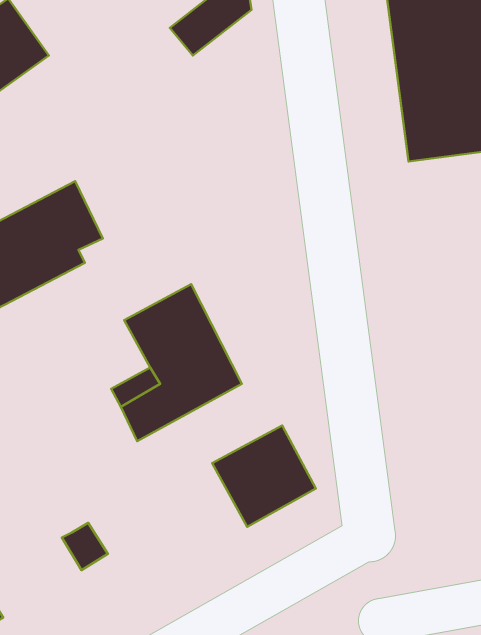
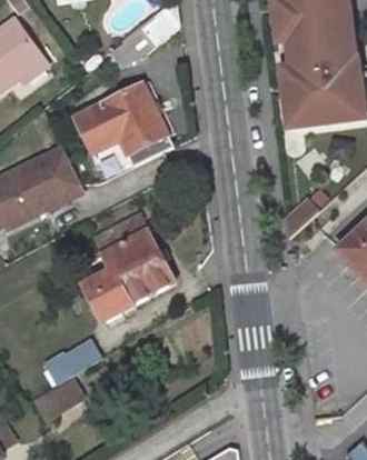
building: none -> [75,83,173,164]
building: [212,426,316,527] -> none
building: none -> [47,339,103,382]

